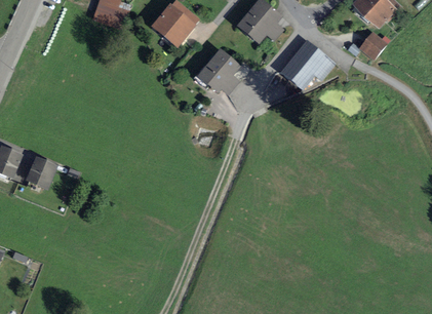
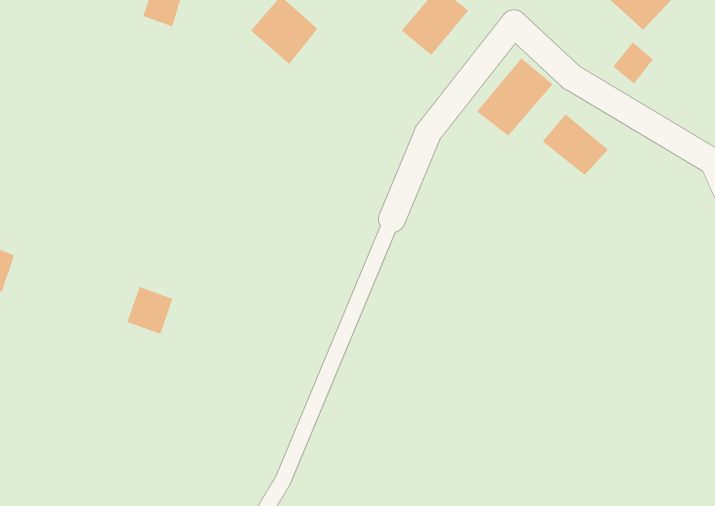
building: [199,50,239,90] -> none
building: none -> [542,114,609,176]
building: [28,158,54,186] -> [127,286,173,335]

